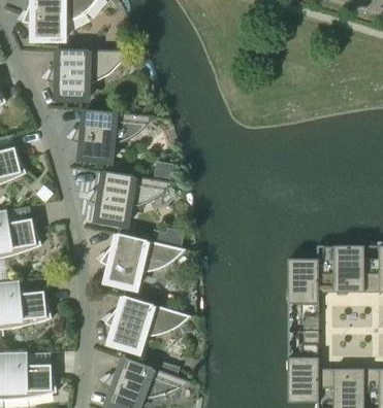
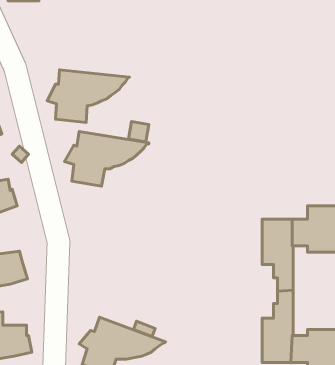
building: [46,49,128,100] -> none
building: [99,233,185,288] -> none
building: [104,296,191,352] -> none

